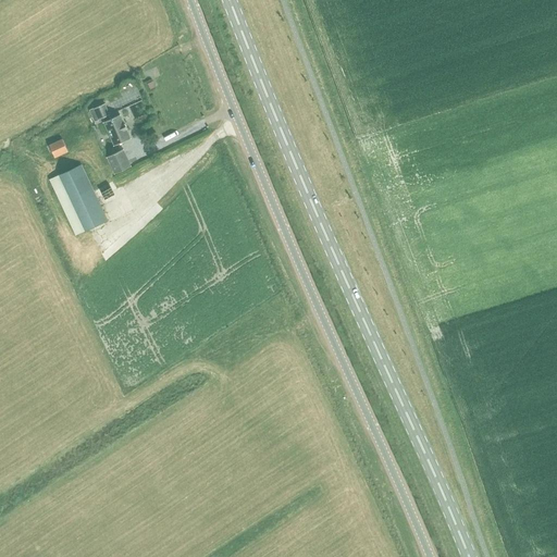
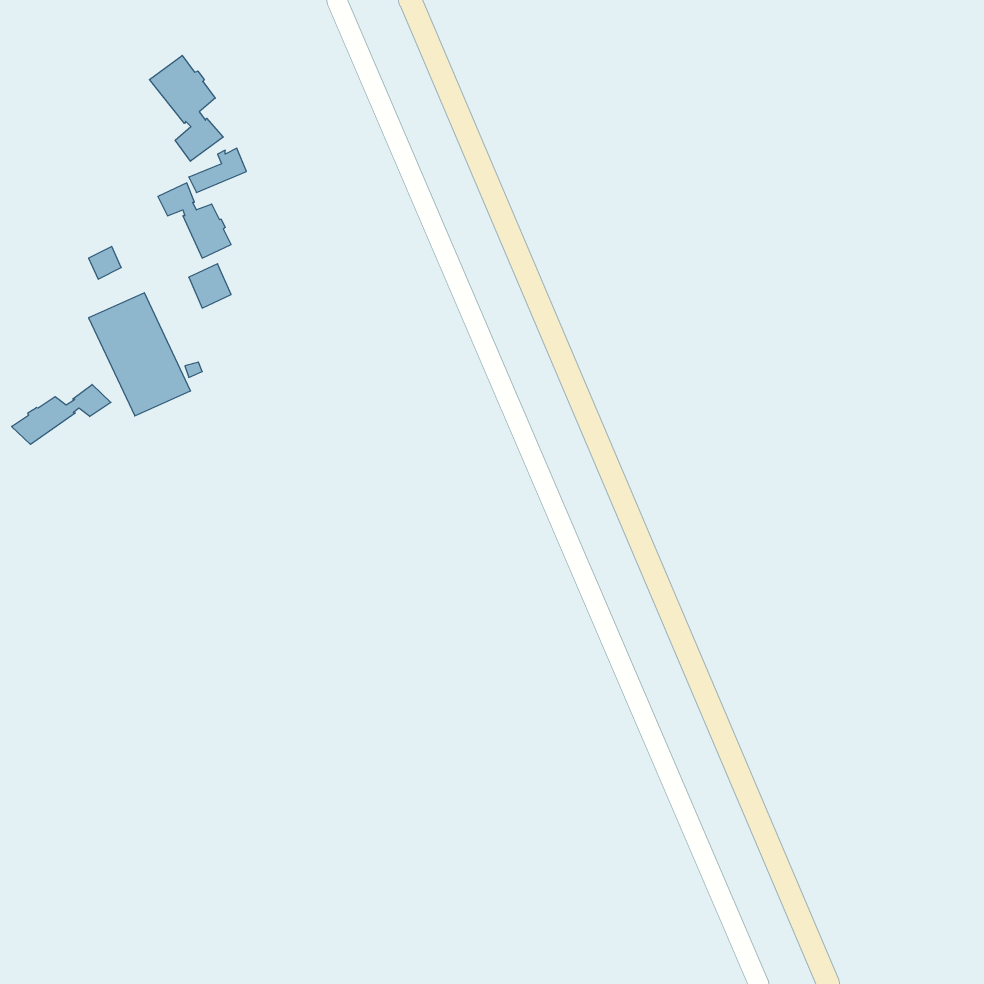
building: none -> [149,55,223,161]
building: none -> [12,384,111,444]

